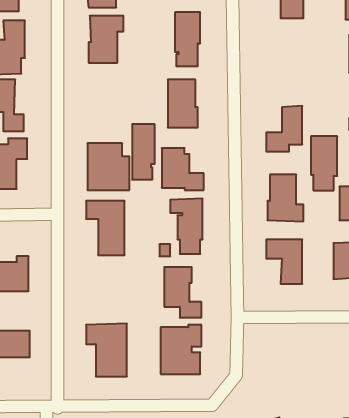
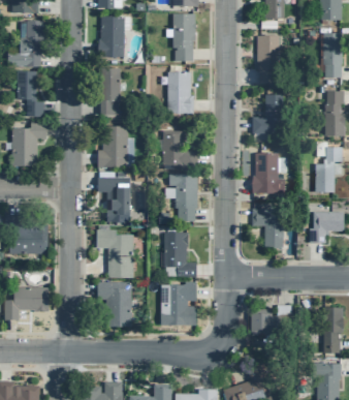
building: [132,124,155,180] -> [100,67,120,115]
building: [311,136,337,190] -> [257,36,280,83]
building: none -> [97,229,133,276]
building: none -> [251,304,291,334]

